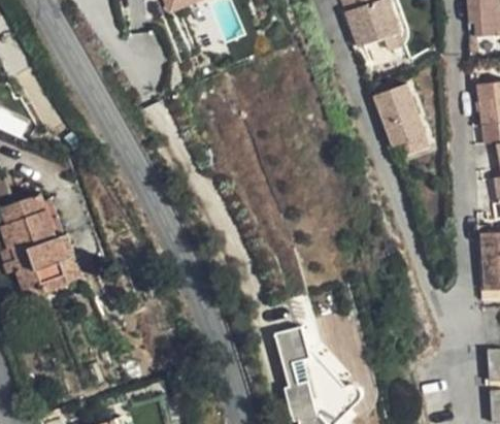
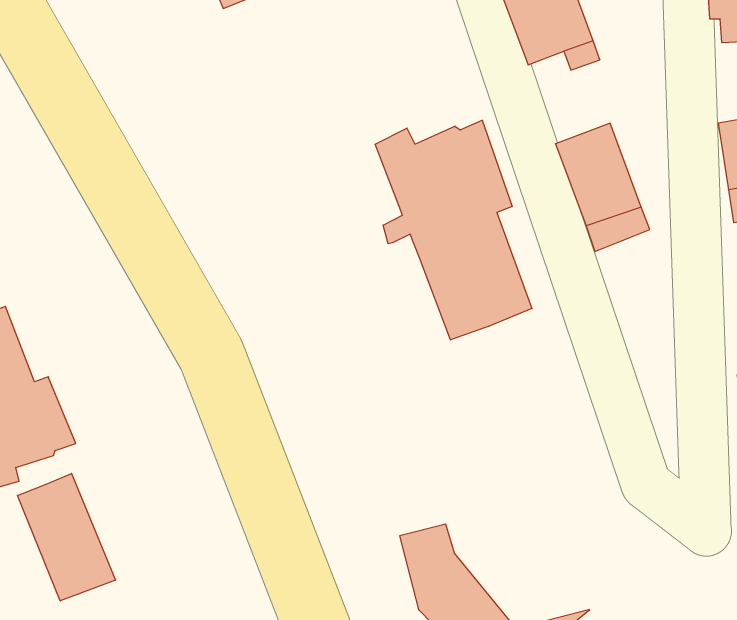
building: none -> [375,120,532,340]
building: none -> [18,473,115,601]

